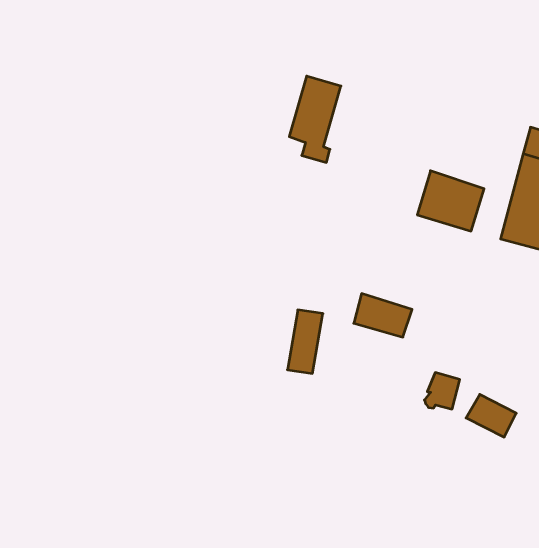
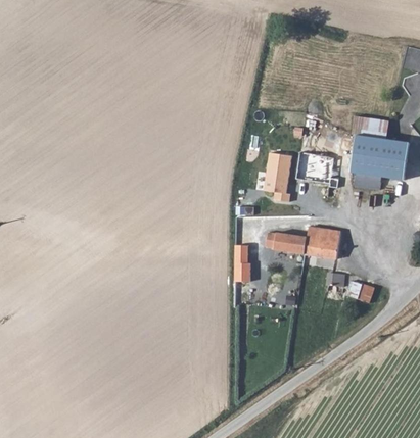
building: [289,76,341,162] -> [264,155,290,205]
building: none -> [301,227,335,258]

